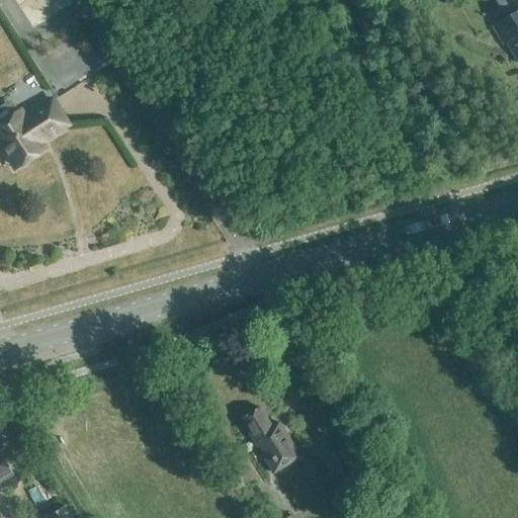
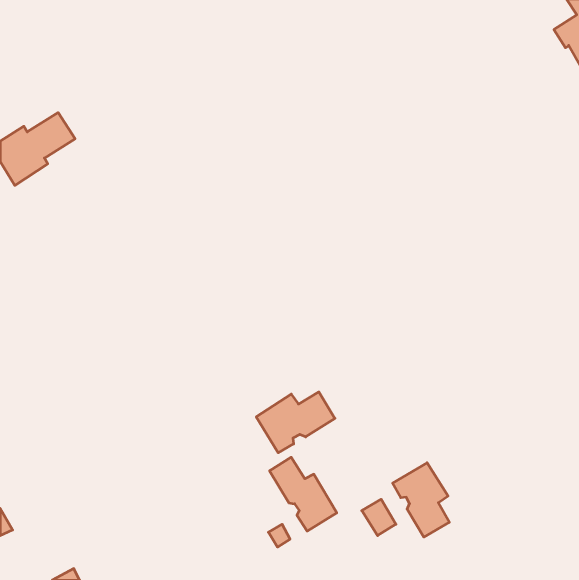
building: none -> [256,392,335,453]
building: none -> [393,463,449,537]

